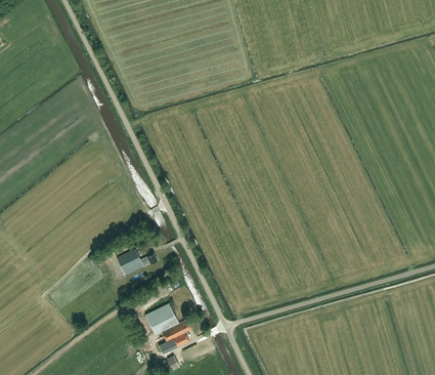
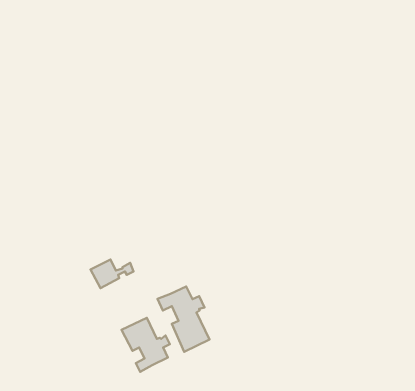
building: none -> [158,287,210,352]

